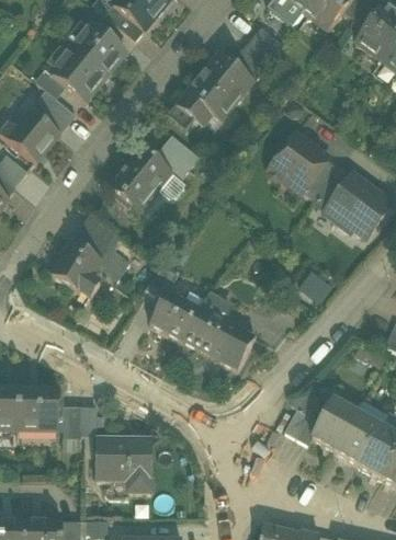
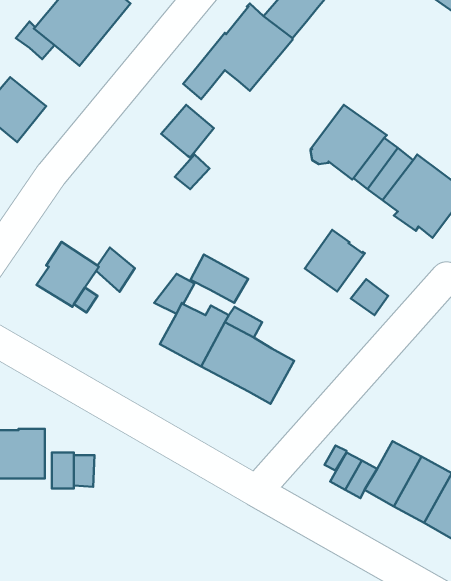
building: [36,89,76,135] -> none
building: [110,149,171,212] -> none
building: [71,212,117,261] -> none
building: none -> [305,230,365,292]
building: none -> [190,254,248,303]
building: [95,440,151,492] -> none

